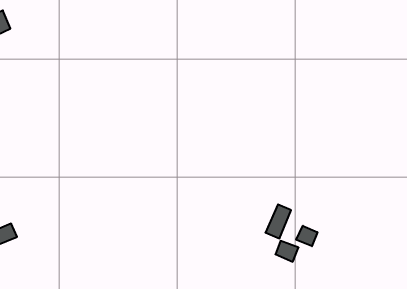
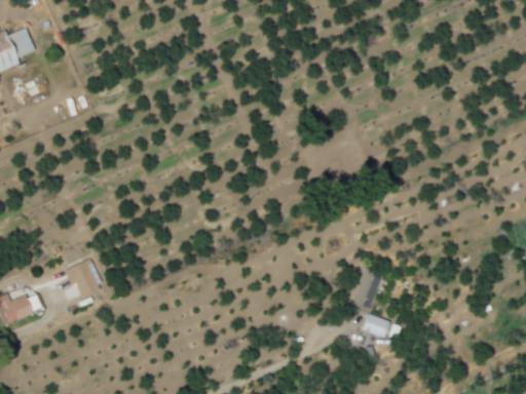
building: none -> [62,259,101,299]
building: [296,226,317,246] -> none

